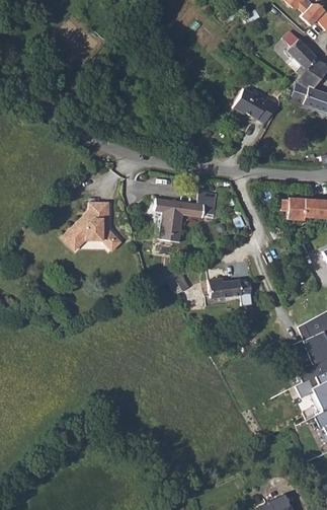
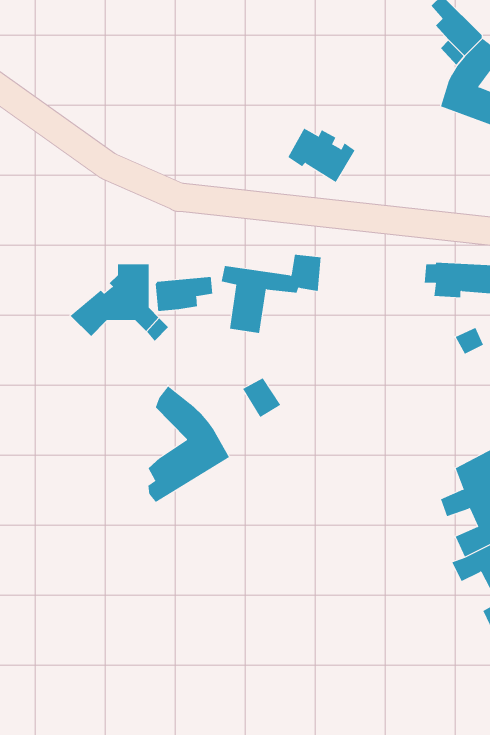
building: [232,89,274,124] -> [287,128,356,183]
building: none -> [155,276,213,312]
building: none -> [148,385,230,503]
building: [209,279,251,305] -> none

